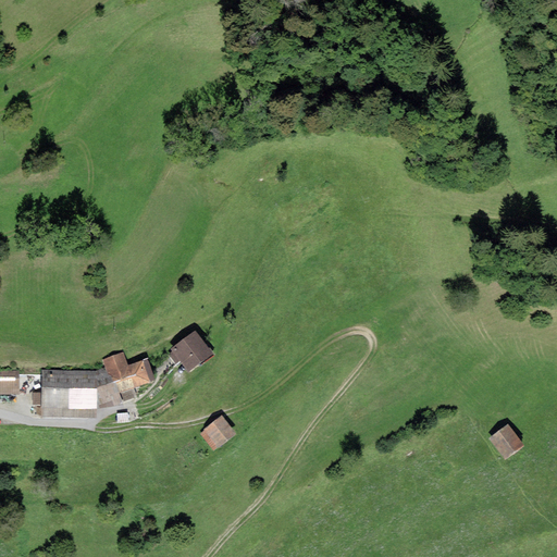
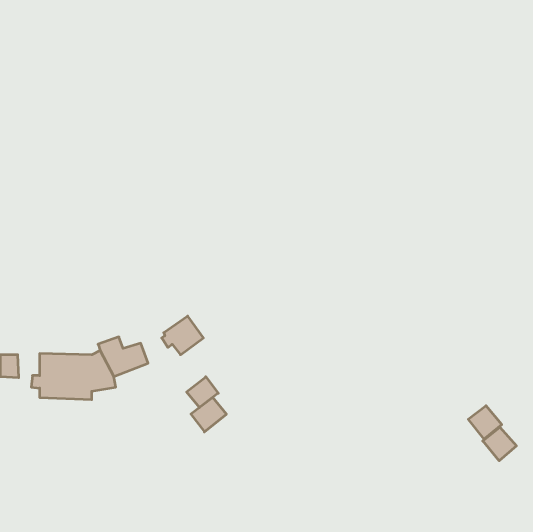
building: none -> [187,377,218,408]
building: none -> [483,427,516,461]

